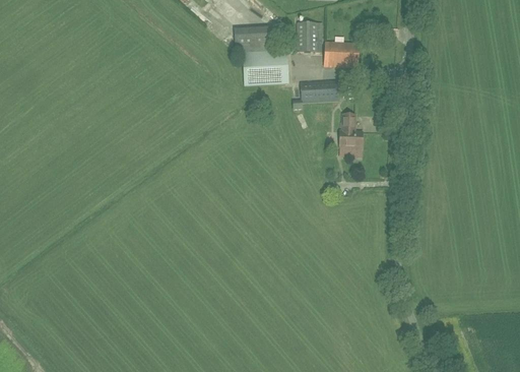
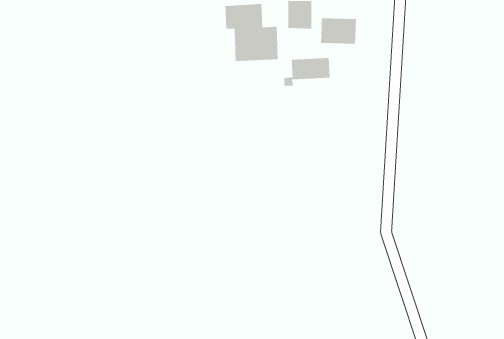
building: [339,114,363,147] -> none

